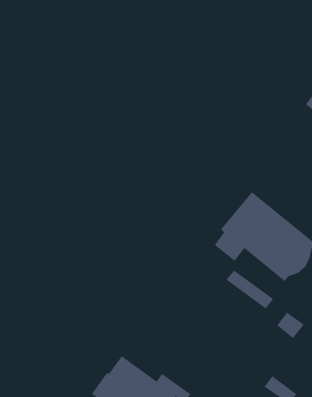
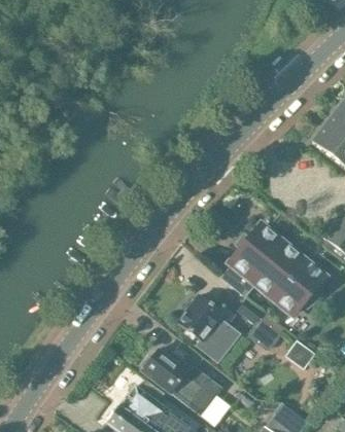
building: none -> [178,295,240,363]
building: none -> [142,350,220,416]

